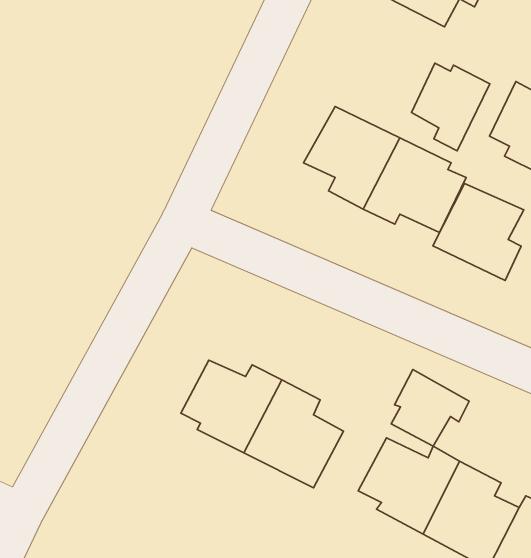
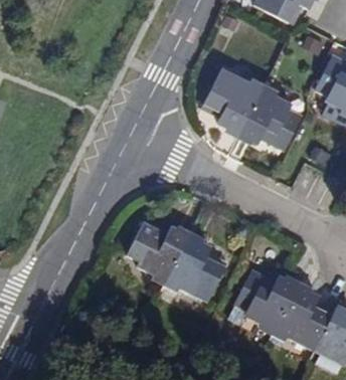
building: [411,63,490,151] -> none
building: [433,184,524,281] -> none
building: [391,370,469,446] -> none

